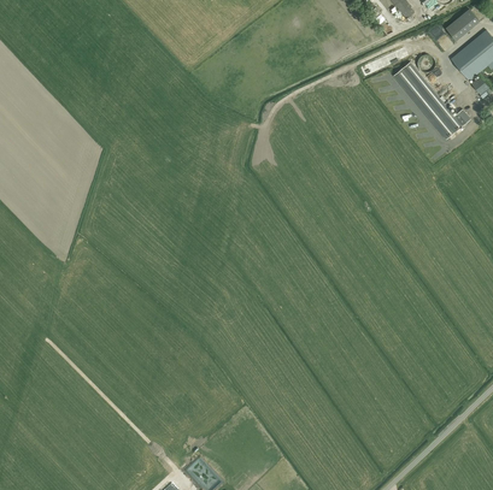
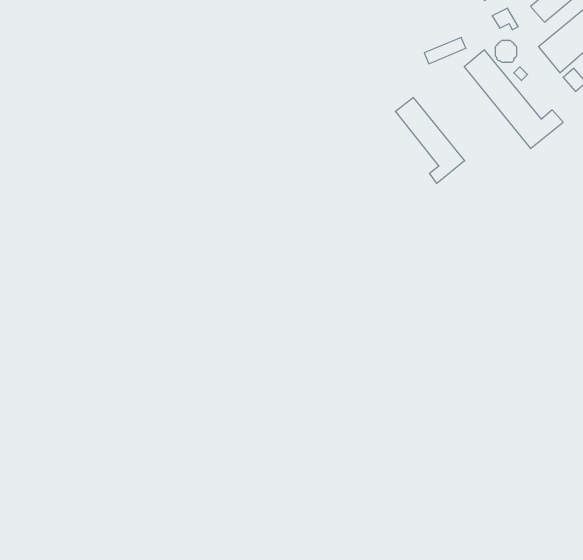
building: none -> [395,97,465,183]

